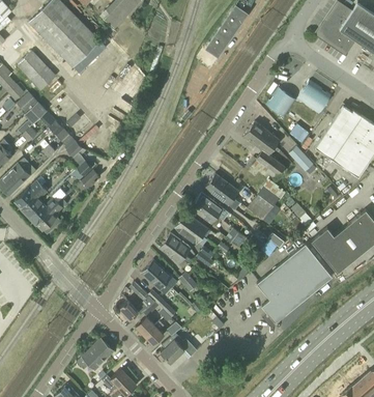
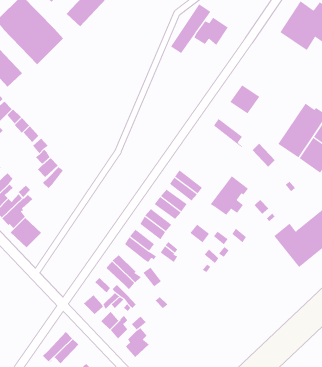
building: none -> [194,17,229,46]
building: [296,80,332,114] -> none
building: [243,129,286,179] -> none
building: none -> [10,217,42,248]
building: [258,244,332,322] -> none

